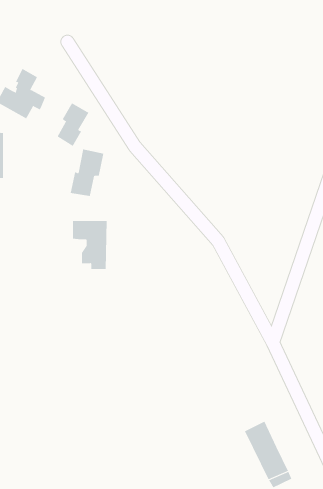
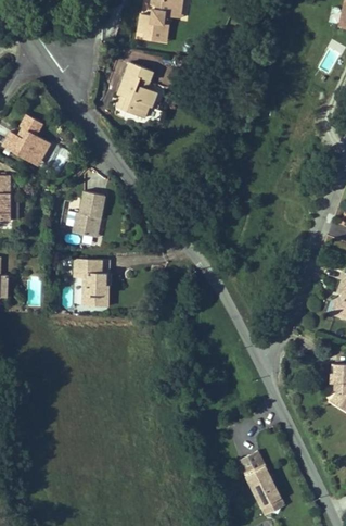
building: none -> [120,63,156,117]
building: [57,103,89,147] -> none

